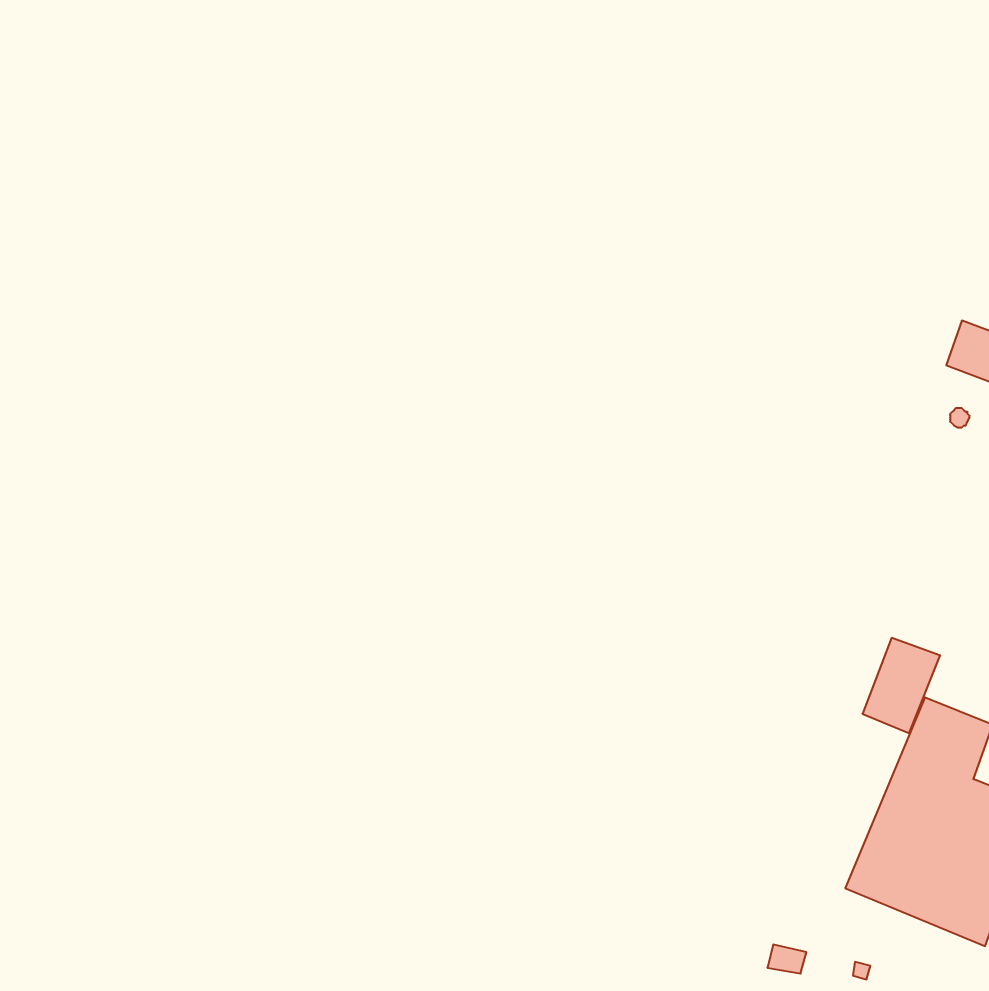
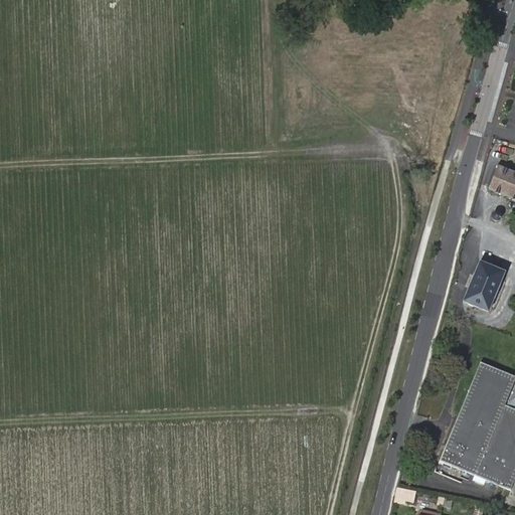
building: [862,638,940,733] -> [468,262,508,311]

